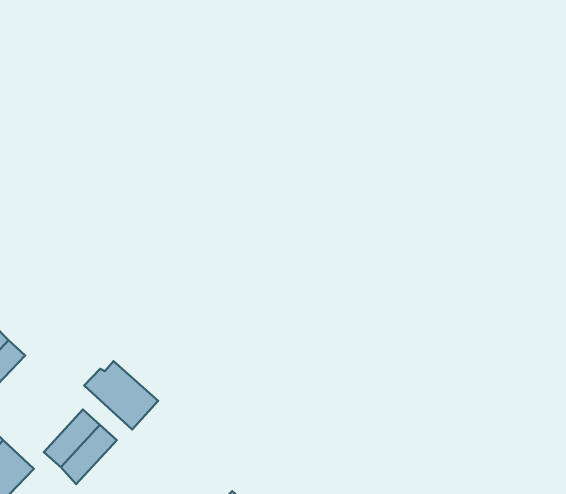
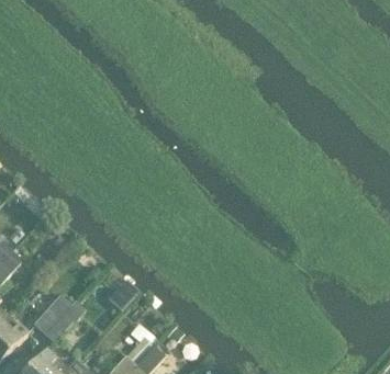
building: [84,361,158,430] -> none

